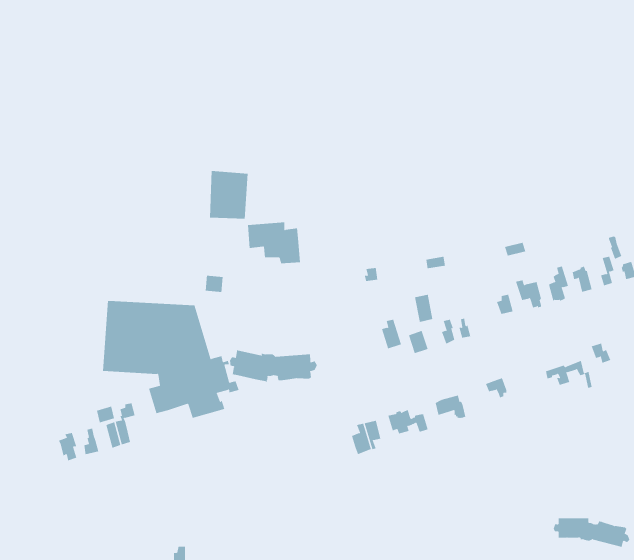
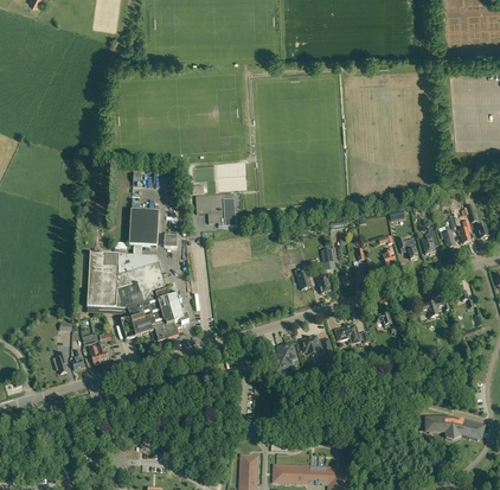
building: [209,170,249,219] -> [129,209,159,246]
building: [229,350,318,382] -> none

